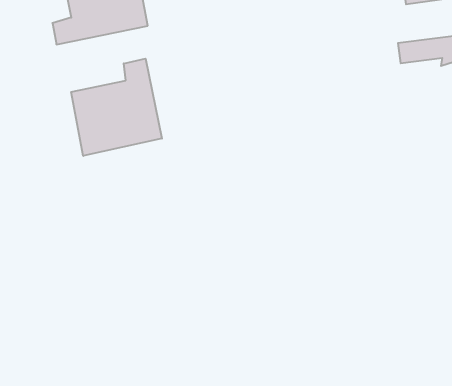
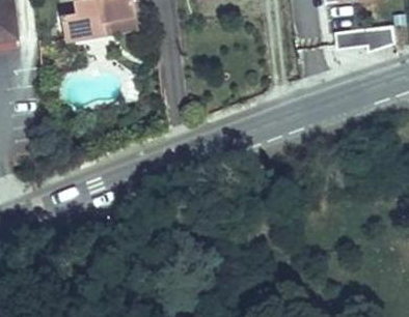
building: [71,59,162,156] -> none

